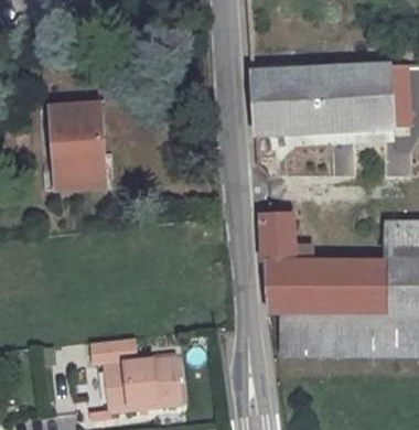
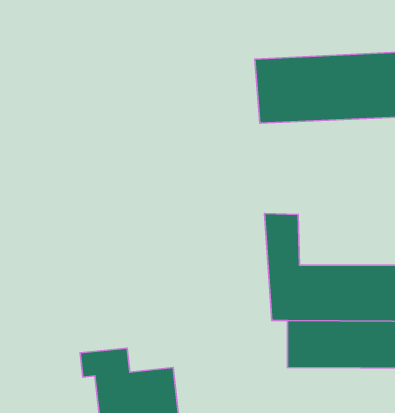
building: [50,103,104,189] -> none

